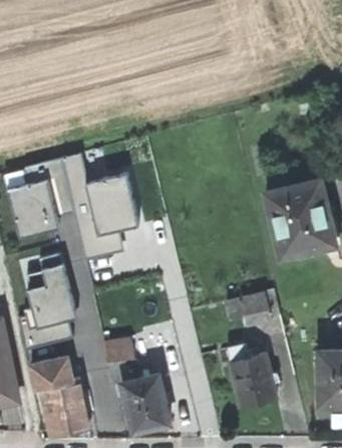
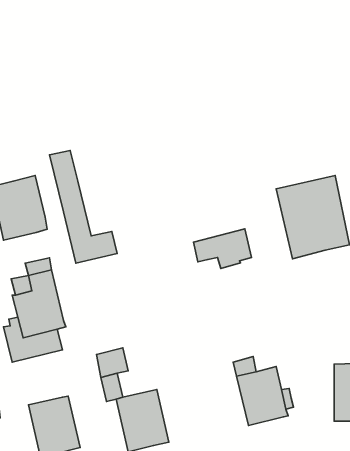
building: [24,160,73,217] -> none
building: [86,175,137,234] -> none
building: [226,289,279,325] -> [193,229,251,268]
building: [31,357,72,390] -> none

